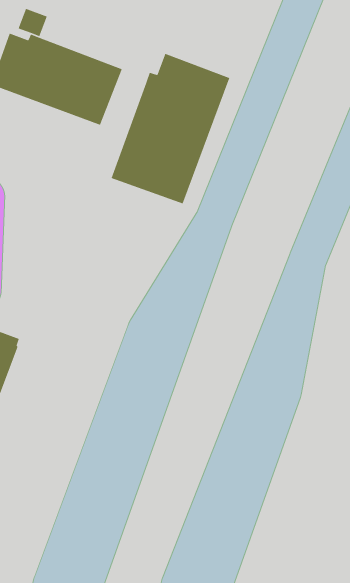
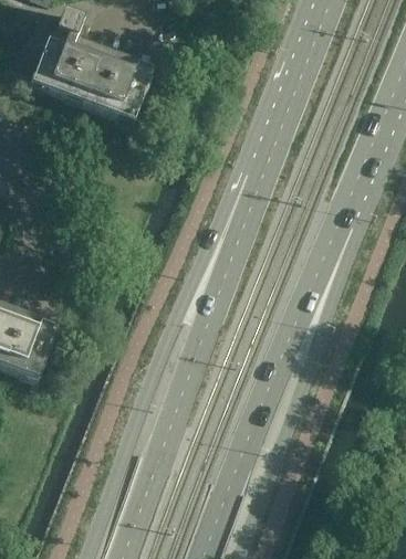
building: [110,53,230,204] -> none

